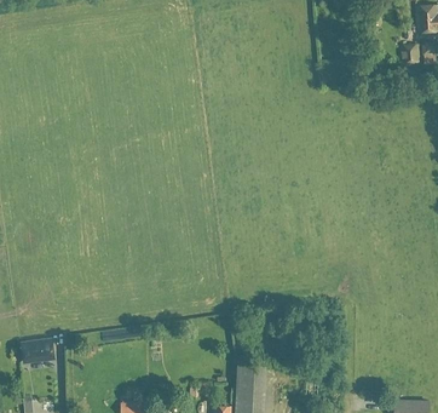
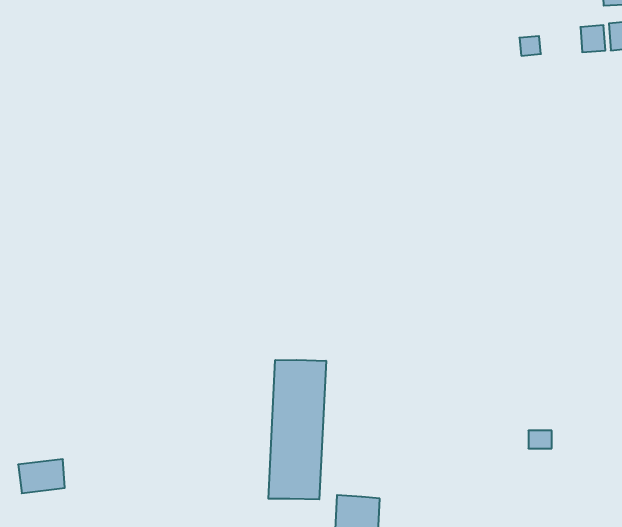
building: none -> [268,360,326,499]

